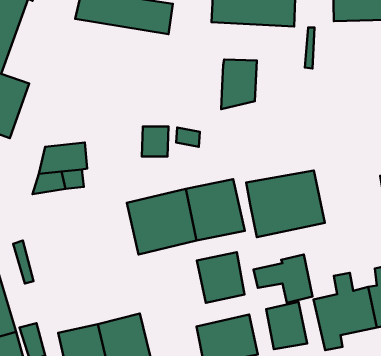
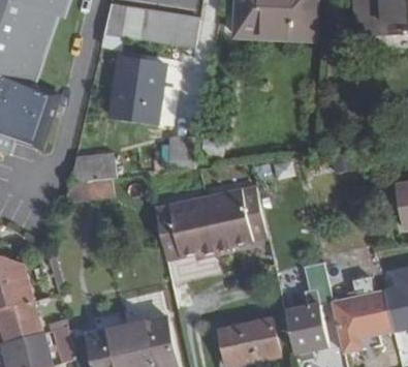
building: none -> [109,58,164,123]
building: [221,60,257,109] -> none
building: [246,171,325,237] -> none
building: [197,252,245,303] -> none

